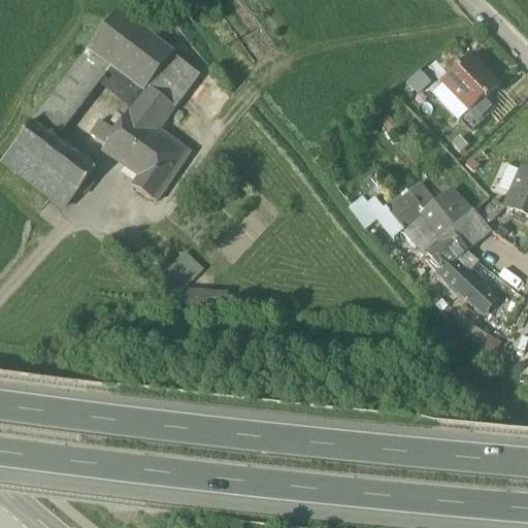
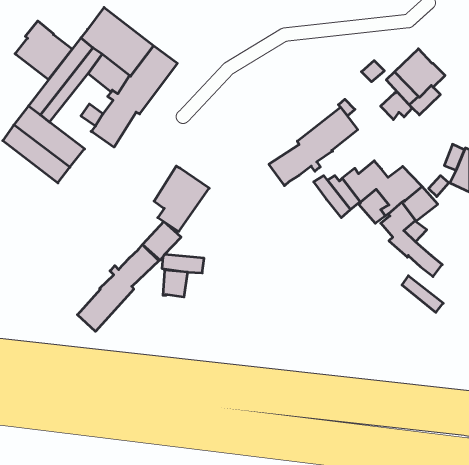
building: none -> [15,21,72,80]
building: none -> [381,91,412,120]
building: none -> [269,107,358,186]
building: [129,126,191,199] -> [154,166,209,231]
building: none -> [77,244,159,331]
building: none -> [163,270,187,297]

